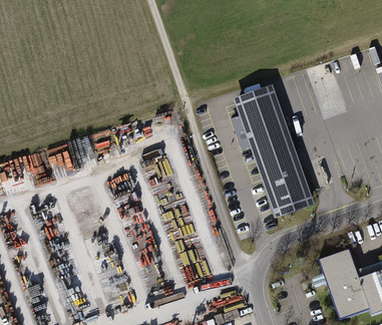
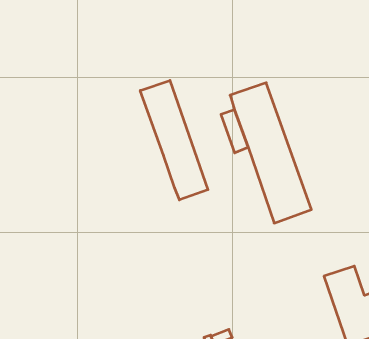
building: none -> [140,80,208,200]

